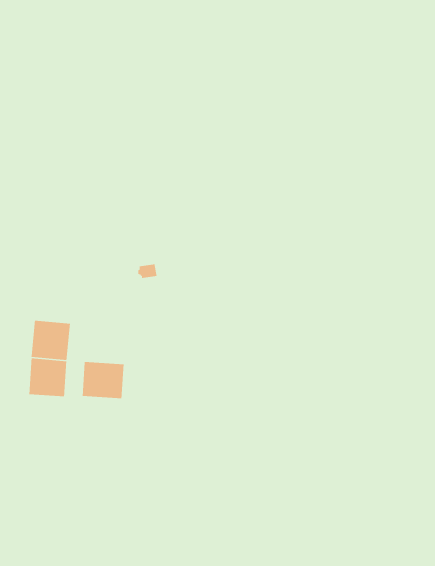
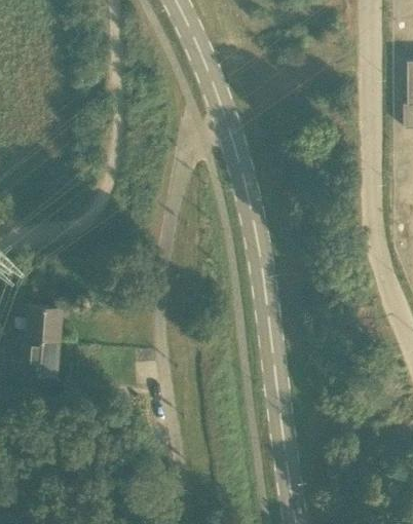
building: [67,360,124,399] -> none

